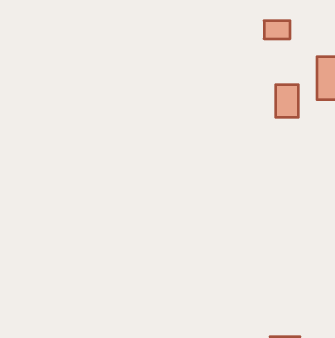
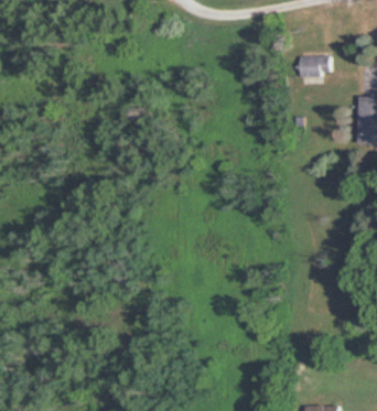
building: [276,85,298,117] -> none

